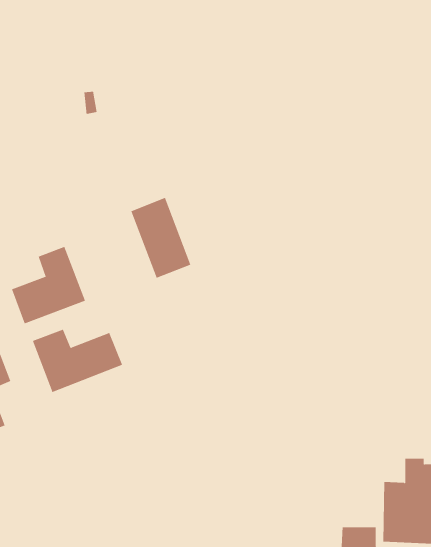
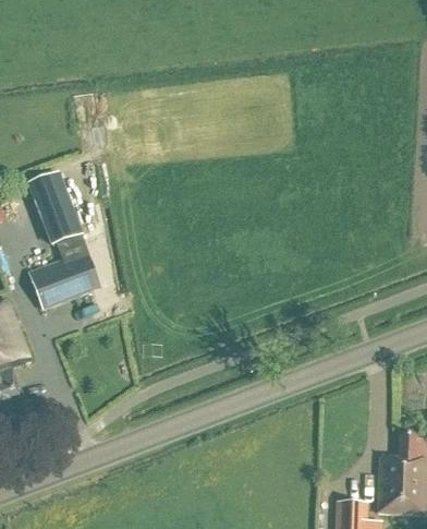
building: [131,197,191,279] -> [27,170,84,247]
building: [32,329,123,393] -> none

